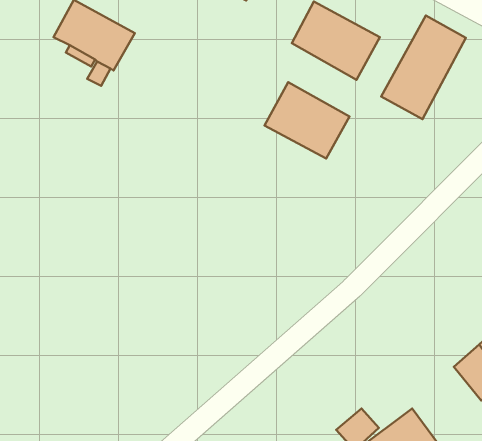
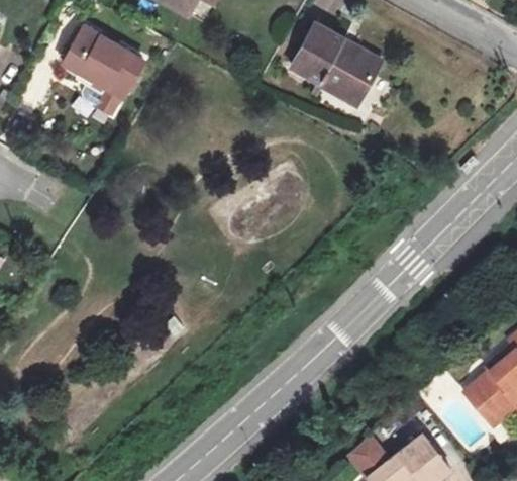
building: [381,15,466,119] -> none
building: [264,82,349,158] -> none

